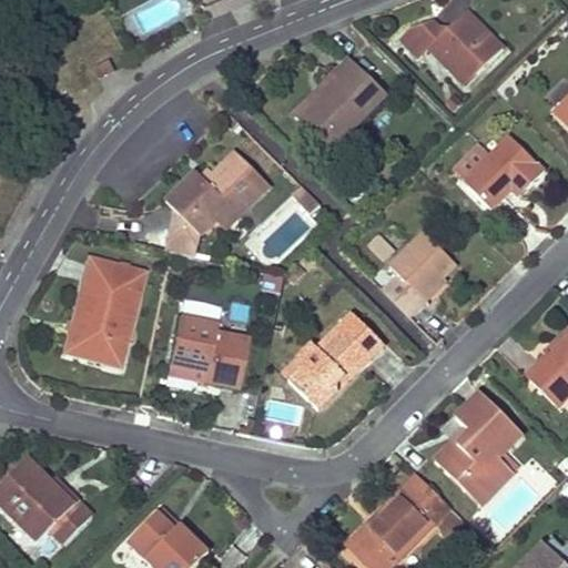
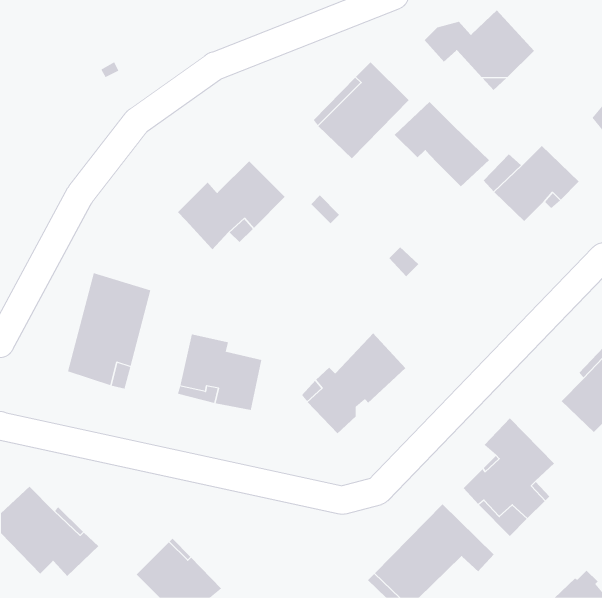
building: none -> [394,101,490,187]
building: [166,207,200,254] -> none
building: [384,232,456,314] -> none

